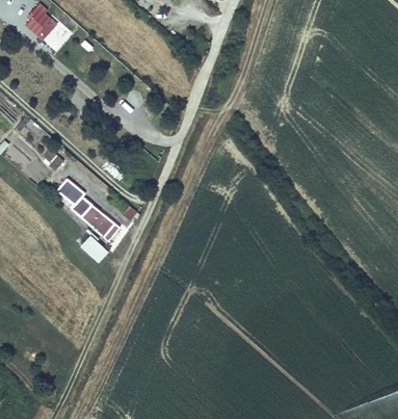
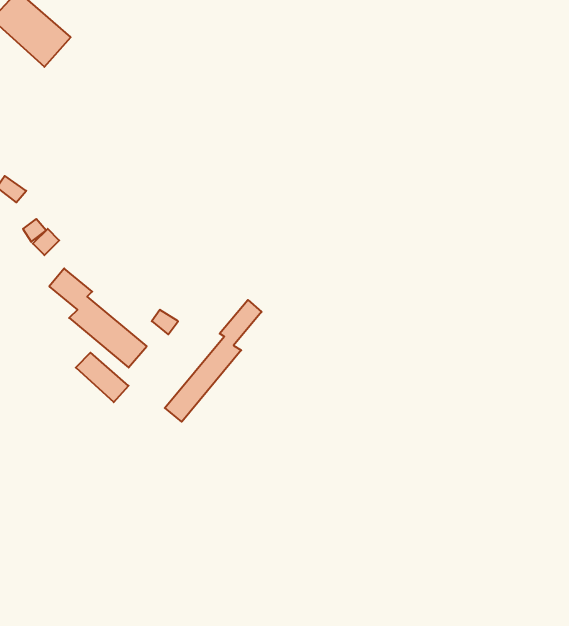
building: none -> [165,300,262,422]

